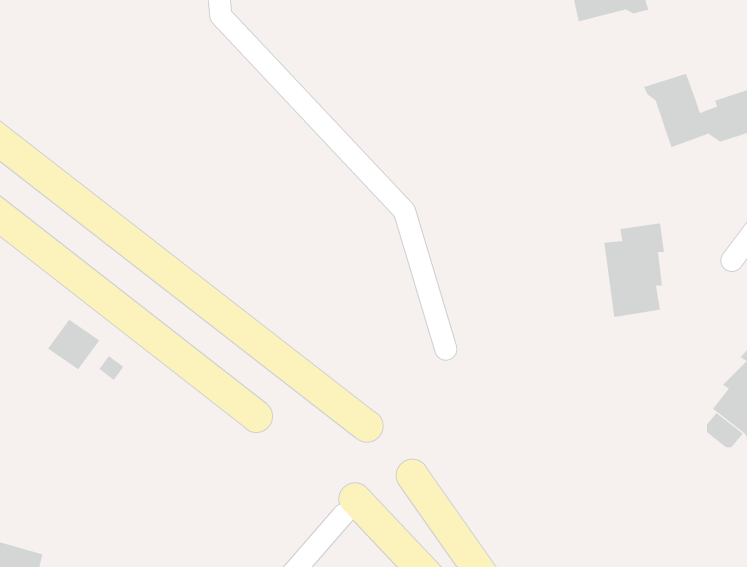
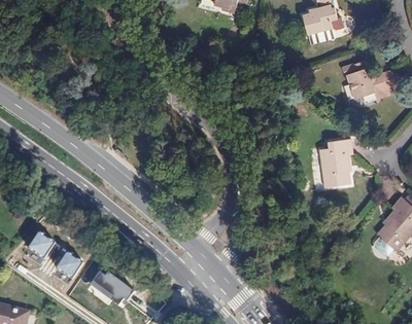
building: [47,319,100,370] -> [27,231,55,258]
building: none -> [55,251,82,278]
building: none -> [89,271,134,307]

